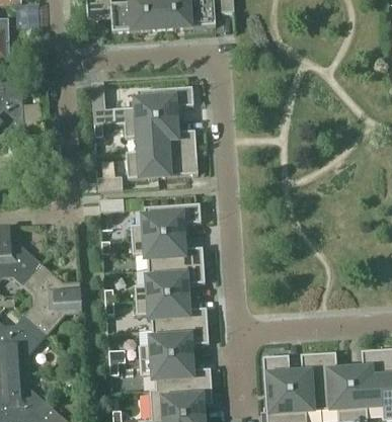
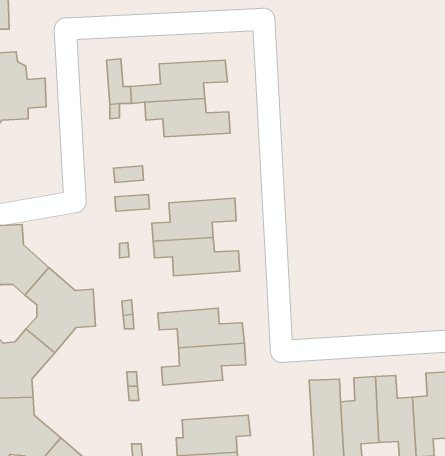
building: [125,148,197,177] -> none
building: [133,264,204,300] -> none
building: [138,356,210,390] -> none

